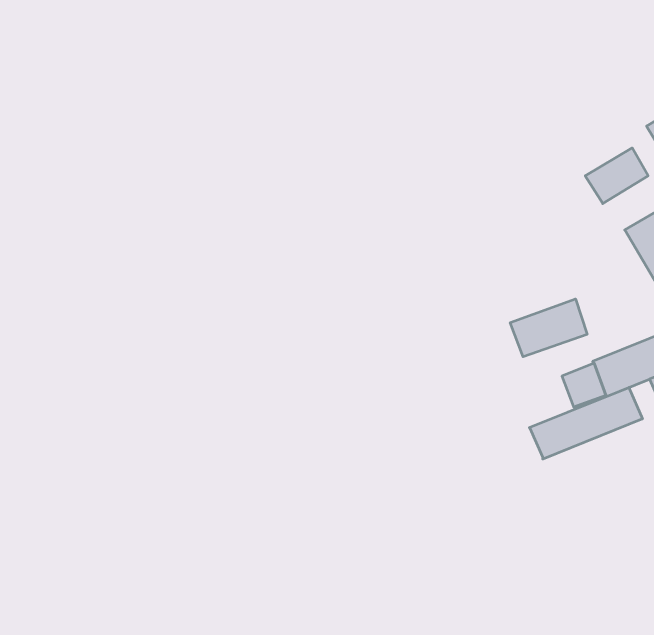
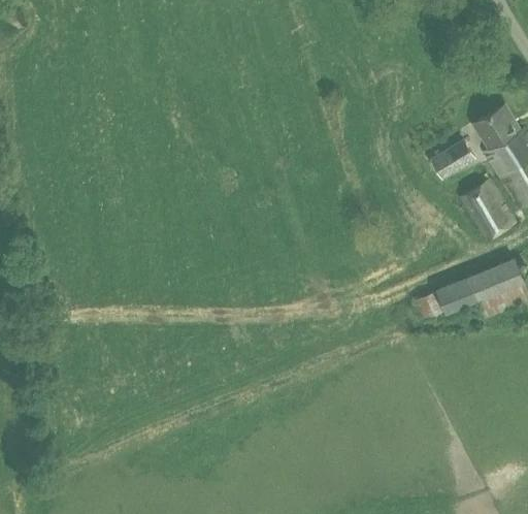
building: [510,299,587,357] -> none
building: [529,387,642,459] -> none

